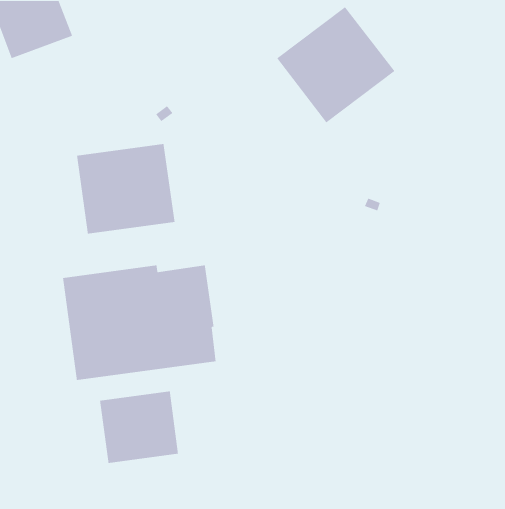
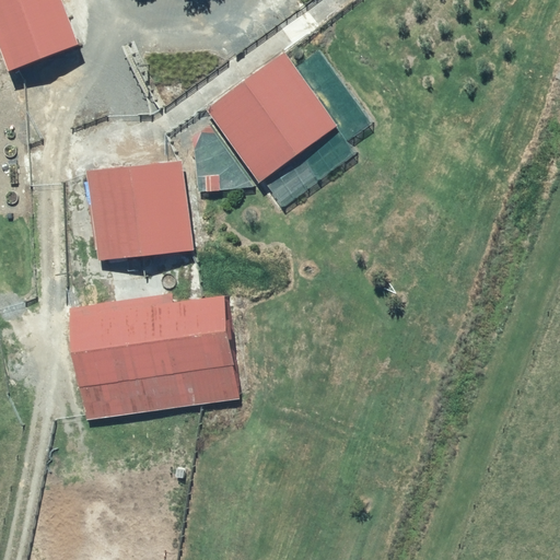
building: [276,6,395,123] -> [205,54,335,182]
building: [99,391,179,464] -> none

